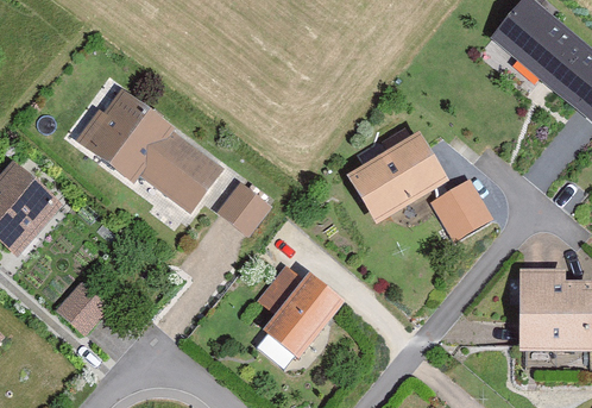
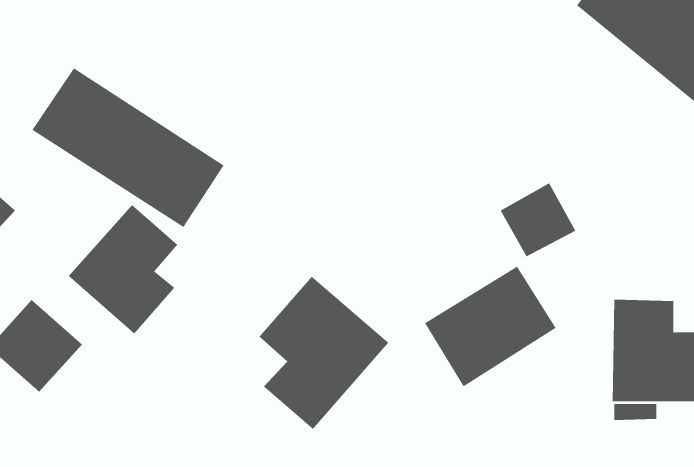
building: [349,130,451,222] -> [424,266,556,387]
building: [216,181,270,234] -> none
building: none -> [68,204,178,334]

